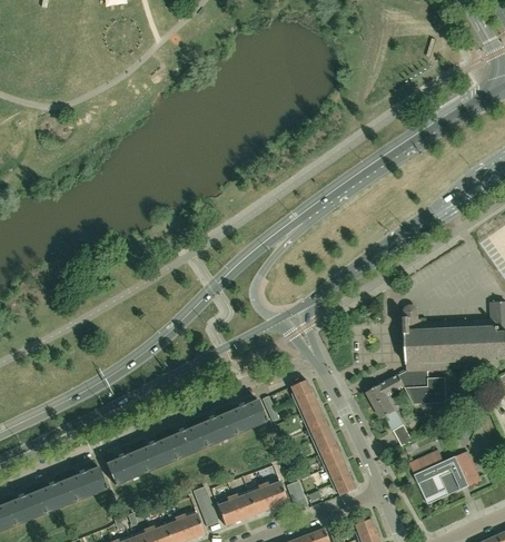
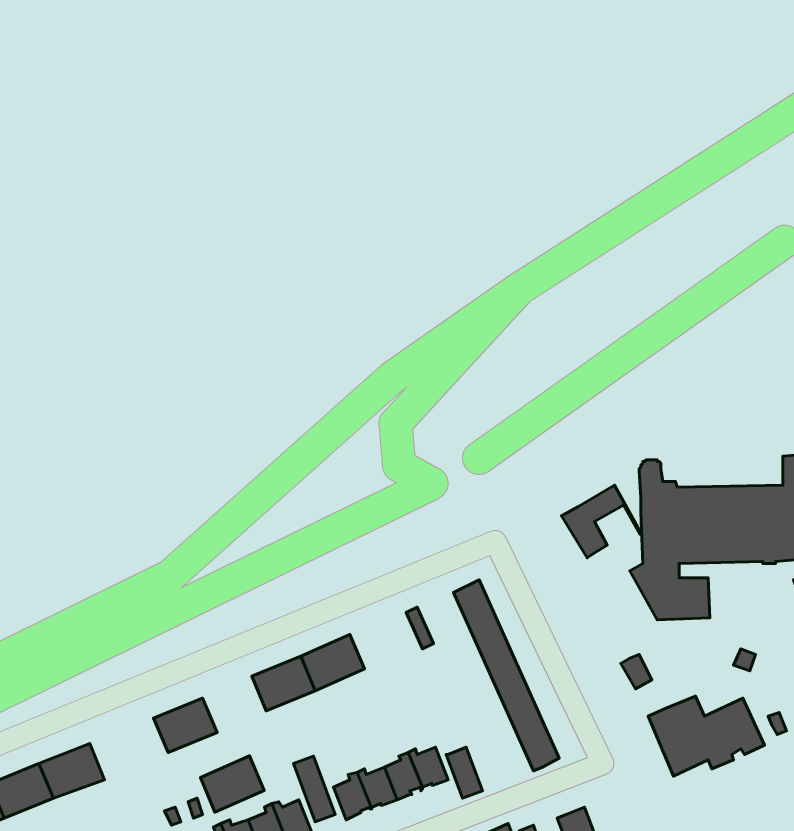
building: [366,373,415,417] -> [562,485,642,558]
building: [227,400,266,433] -> none
building: [137,437,176,472] -> [200,756,264,812]
building: [68,466,107,501] -> none

